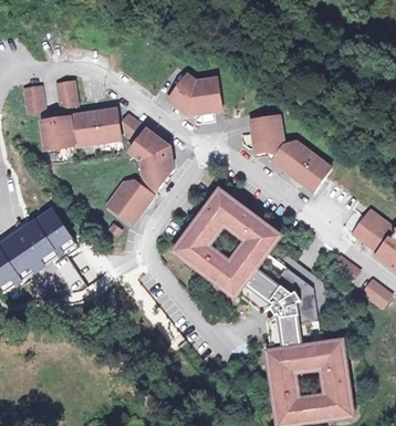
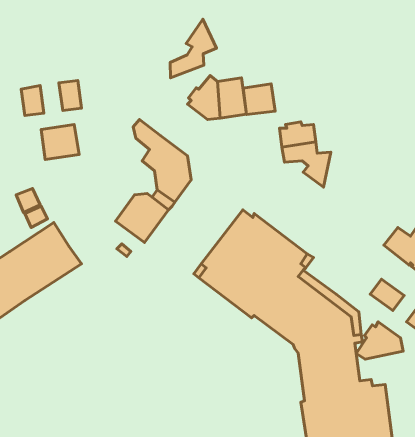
building: none -> [170,19,216,78]
building: none -> [243,84,275,115]
building: [70,107,121,145] -> none
building: [289,143,331,190] -> none
building: none -> [356,322,403,359]

